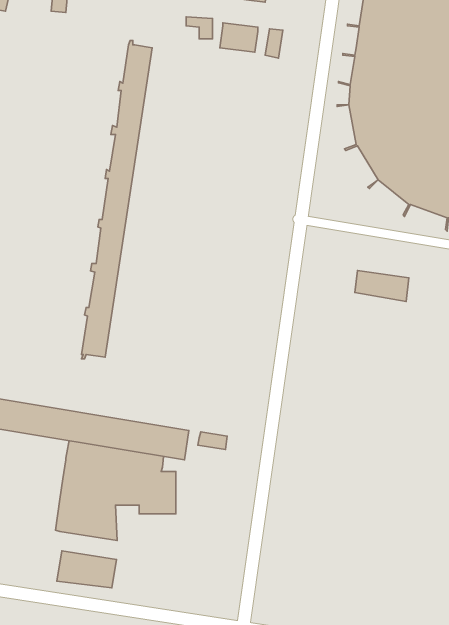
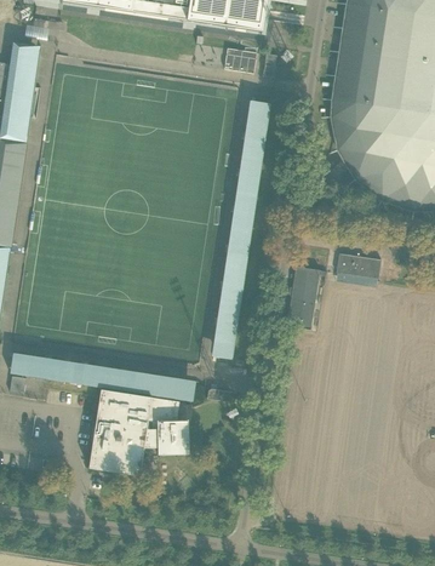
building: [82,41,152,359] -> [212,93,270,356]
building: none -> [286,262,320,326]
building: [57,551,116,588] -> none

